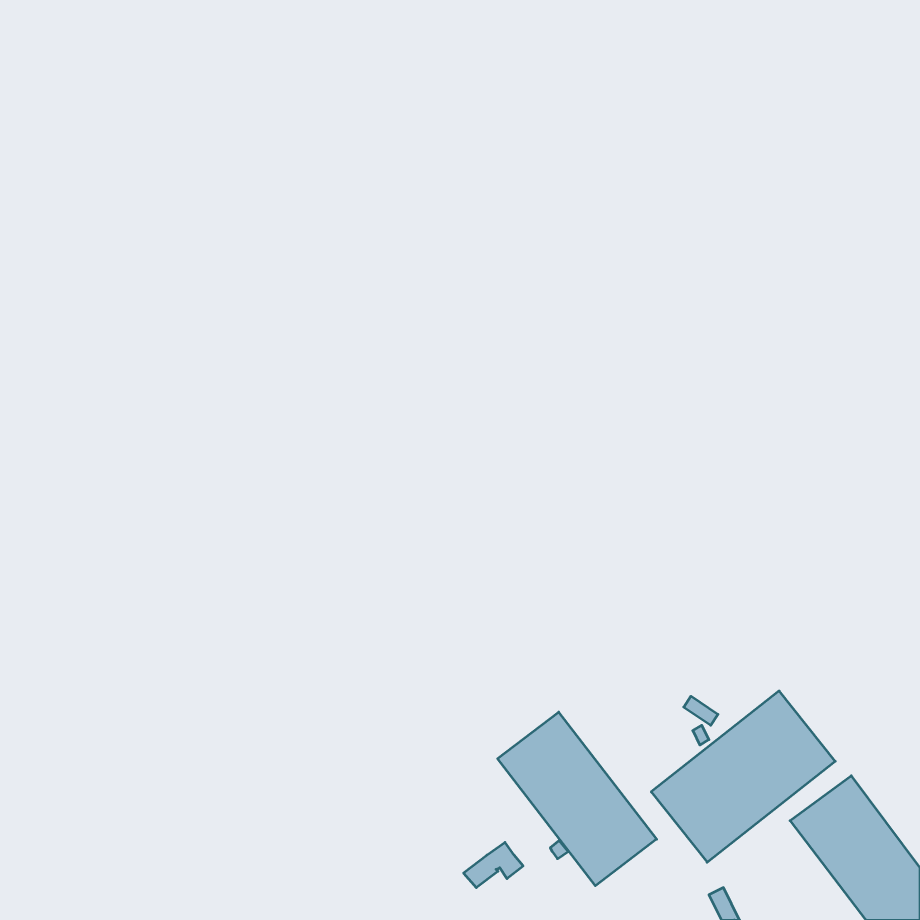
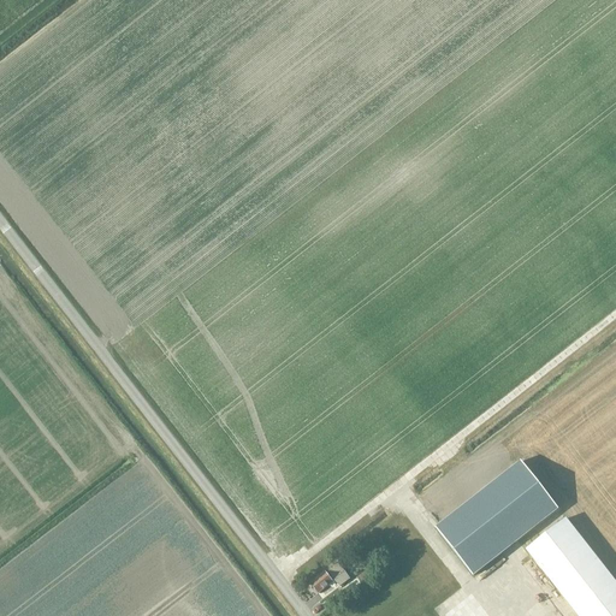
building: [498,712,657,886] -> none

